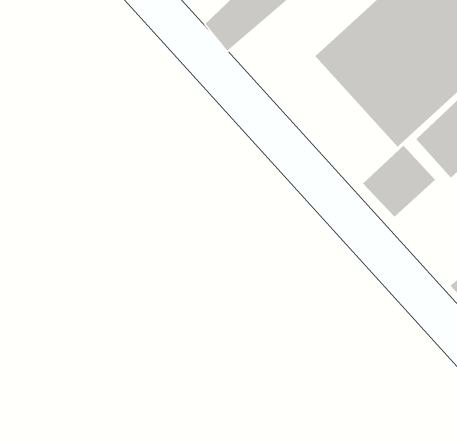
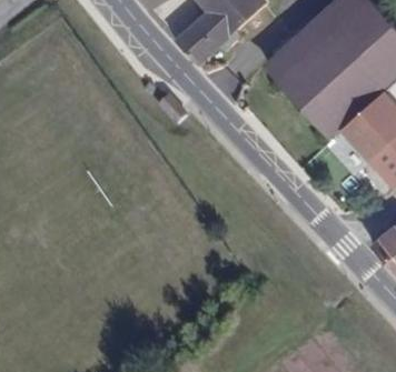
building: [362,145,436,218] -> none

